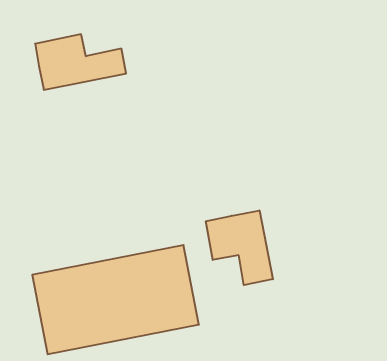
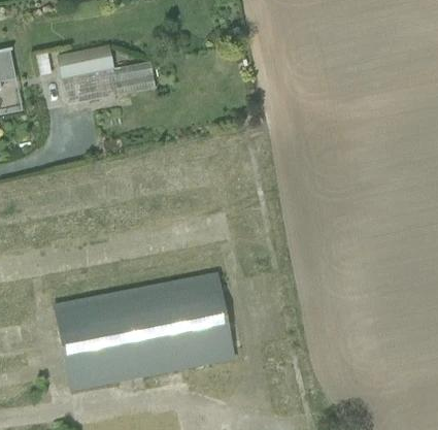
building: [206,210,273,285] -> none

